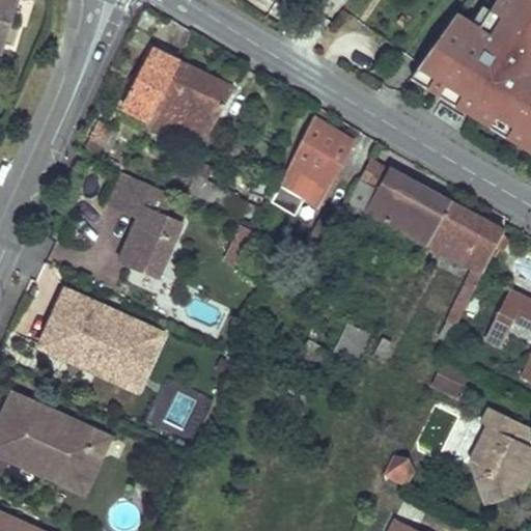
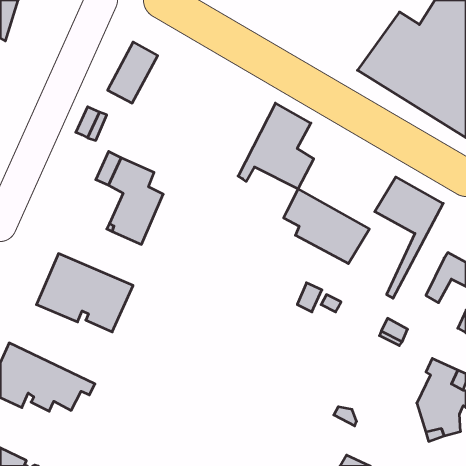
building: [147,63,231,143] -> none
building: [353,156,450,241] -> [284,189,369,264]
building: [88,325,167,390] -> none
building: [25,437,114,494] -> none

